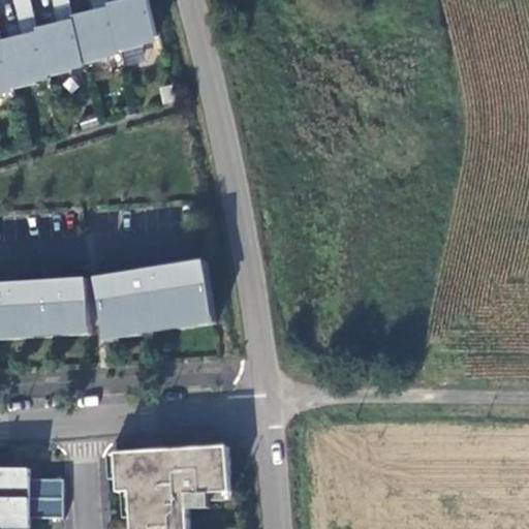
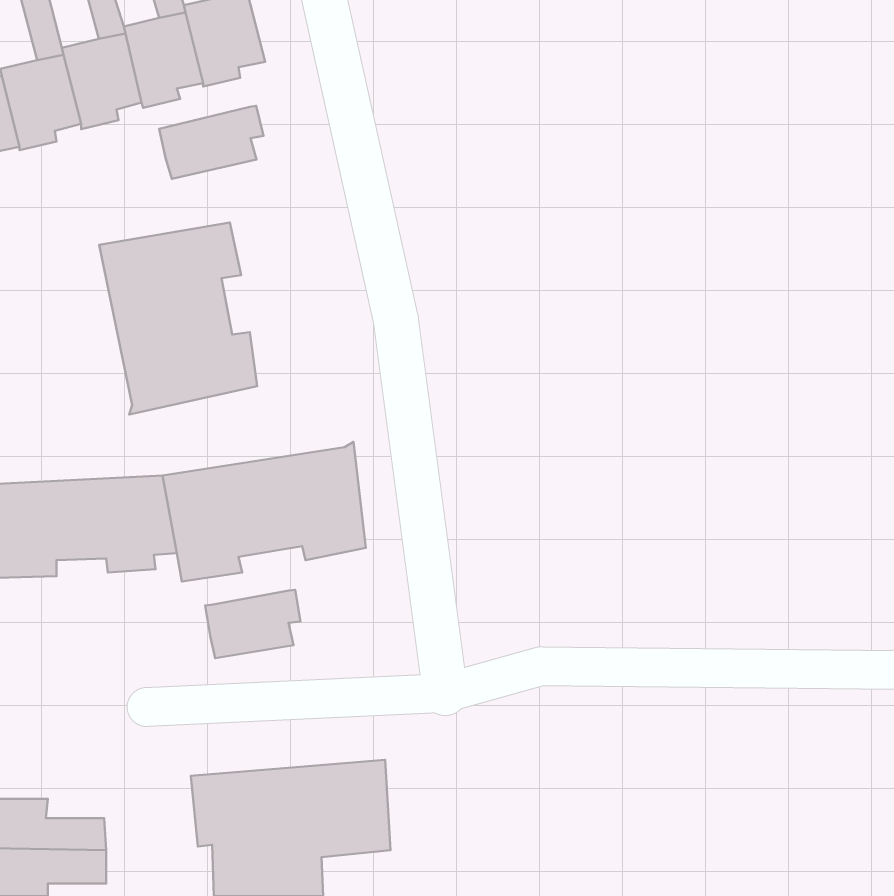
building: none -> [159,106,263,179]
building: none -> [99,223,257,414]
building: none -> [205,590,301,658]

